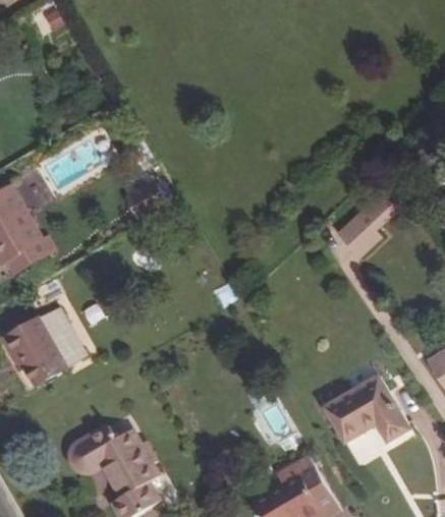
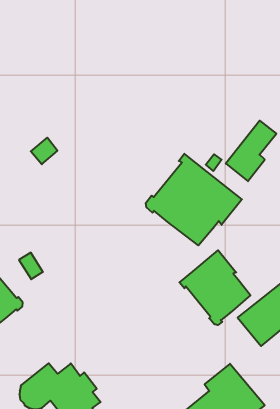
building: none -> [146,154,242,245]
building: none -> [179,250,250,325]

